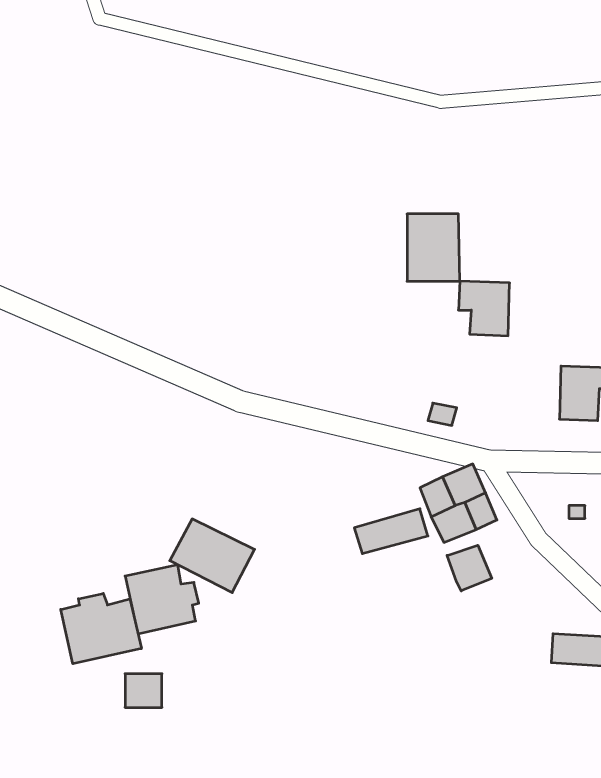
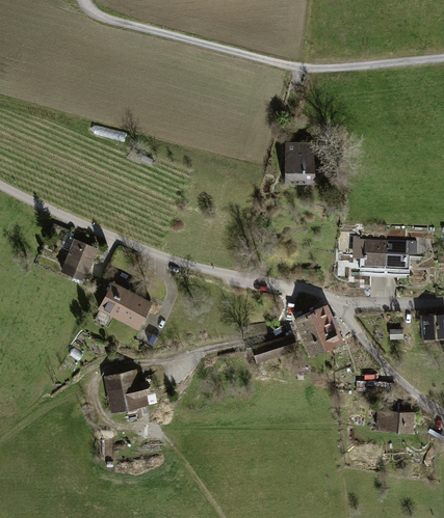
building: [458,281,510,336] -> [351,239,385,274]
building: none -> [59,239,98,280]
building: [170,519,255,593] -> [97,280,152,328]
building: [447,545,492,591] -> none
building: [61,593,141,664] -> none

